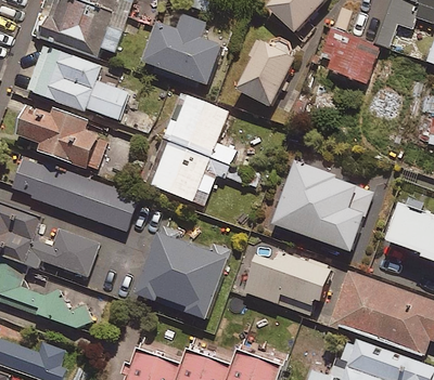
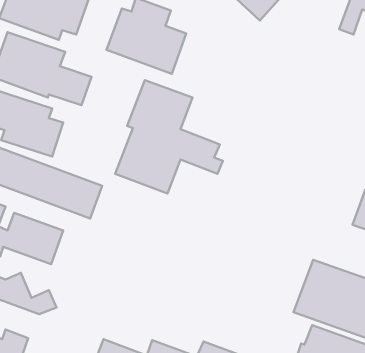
building: [315,29,378,82] -> none
building: [238,38,297,109] -> none
building: [273,163,373,254] -> none
building: [136,226,231,322] -> none
building: [245,254,332,317] -> none

